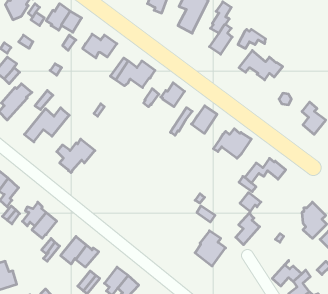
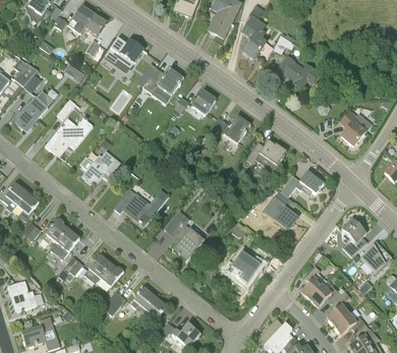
building: none -> [114,189,168,225]
building: none -> [170,220,204,259]
building: [236,213,260,245] -> [301,266,327,299]

